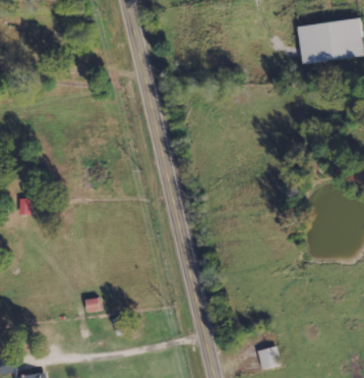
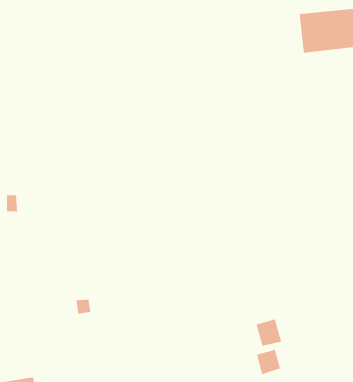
building: none -> [256,319,282,346]

